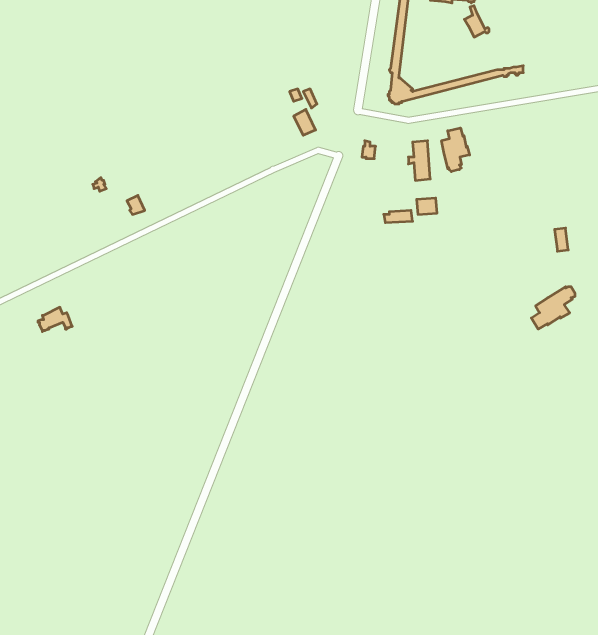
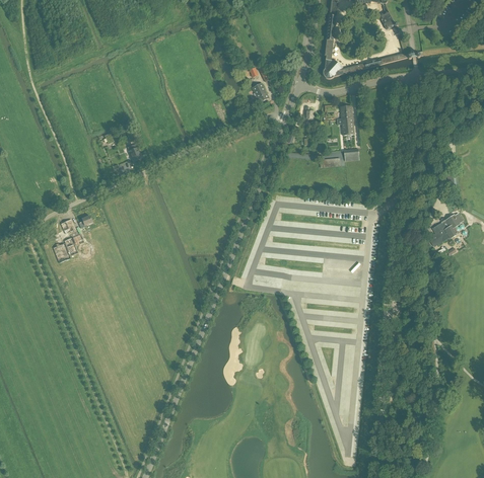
building: [442,128,470,172] -> none

